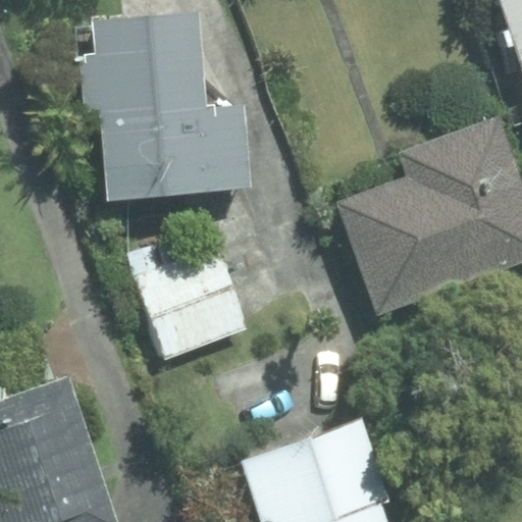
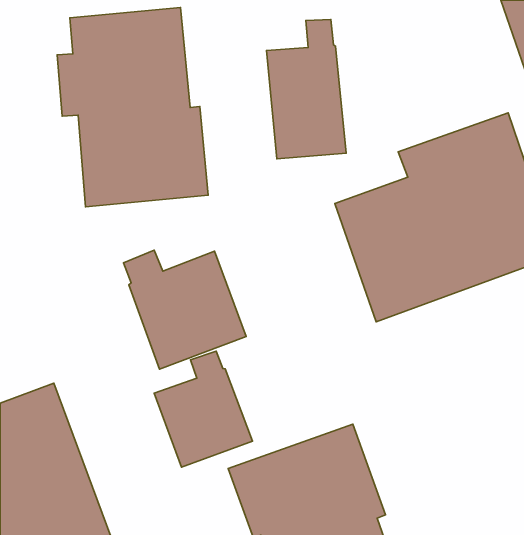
building: none -> [266,20,346,159]
building: none -> [154,351,253,467]

